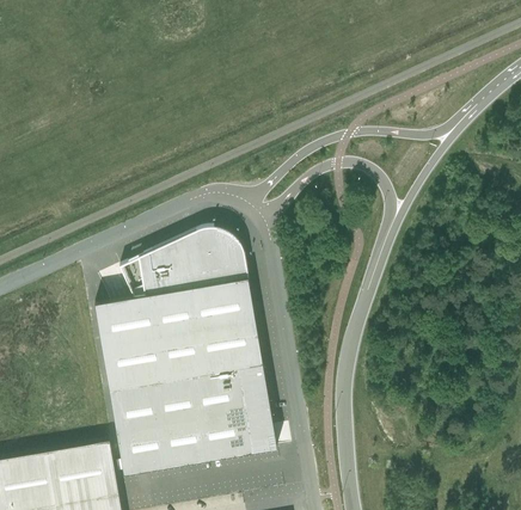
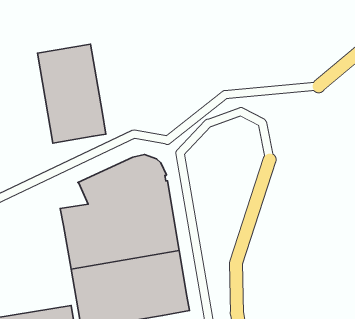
building: none -> [38,44,106,143]

